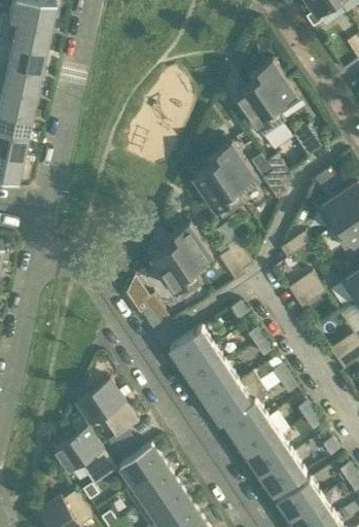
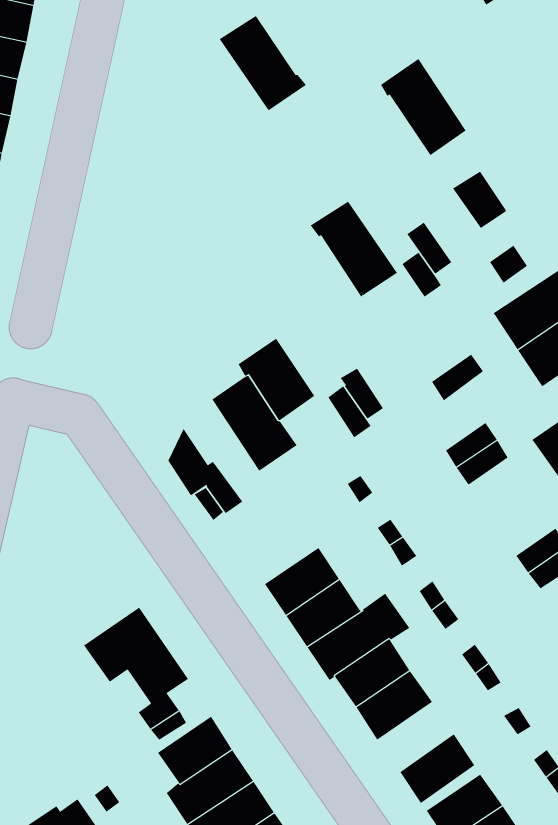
building: [232,81,284,138] -> [219,15,307,111]
building: [192,164,243,220] -> none
building: [169,327,213,367] -> none
building: [53,427,115,485] -> none
building: [247,436,292,478] -> none

